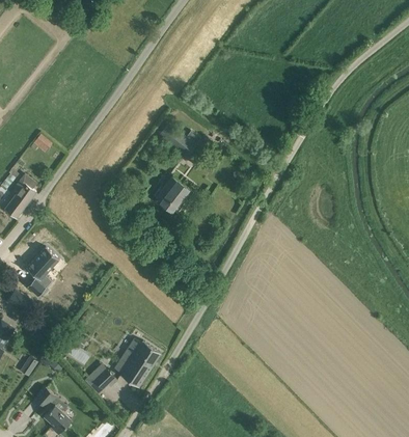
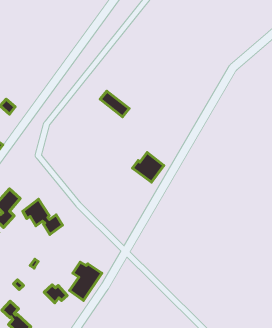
building: [154,176,193,214] -> [132,152,164,182]
building: none -> [23,199,62,234]

